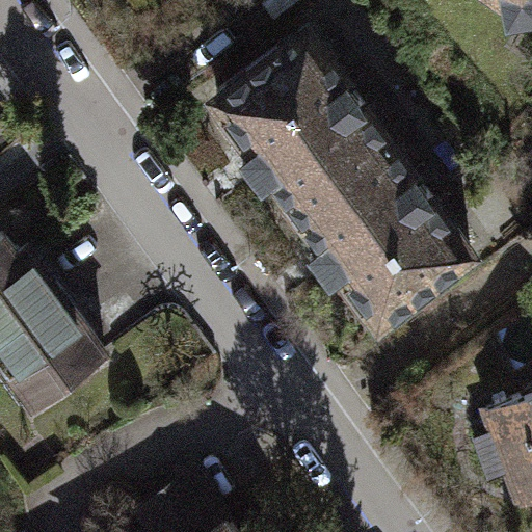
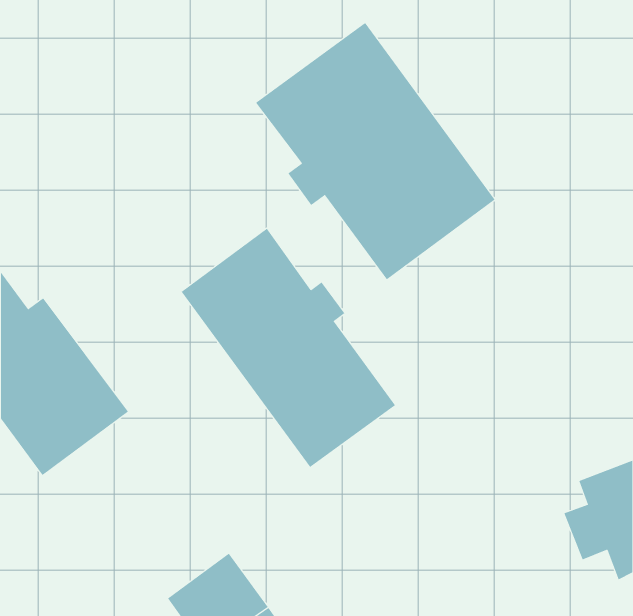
building: [312,182,472,325] -> none
building: none -> [181,228,396,468]

